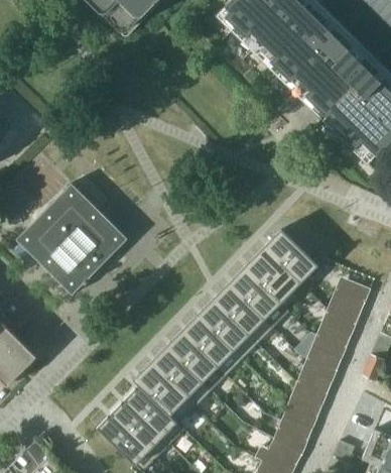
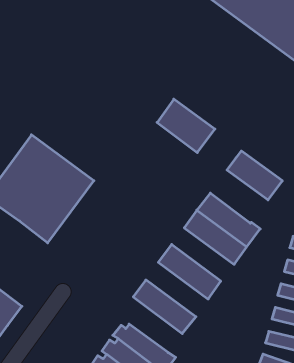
building: [244,246,301,304] -> [157,99,215,153]
building: [198,299,258,358] -> none
building: [166,330,227,390] -> none
building: [134,361,196,423] -> none

